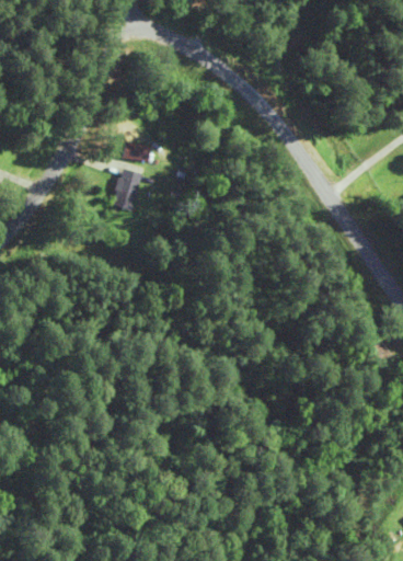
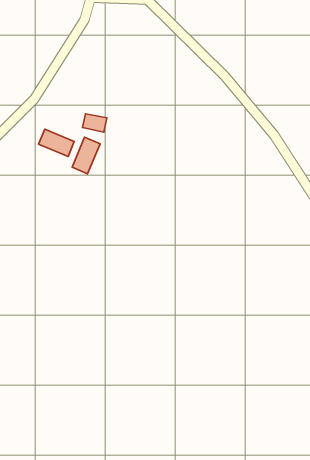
building: none -> [39,129,74,157]

